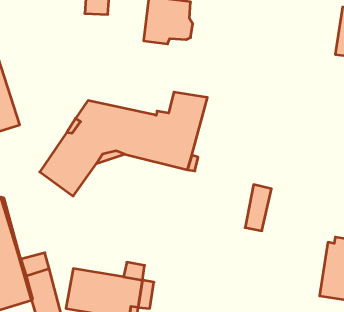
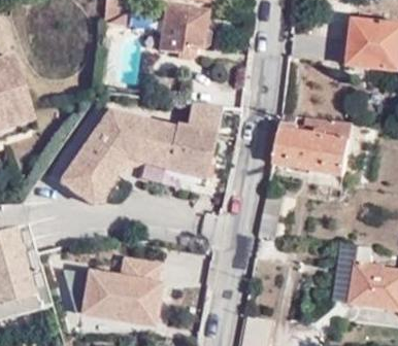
building: none -> [273,113,353,175]

